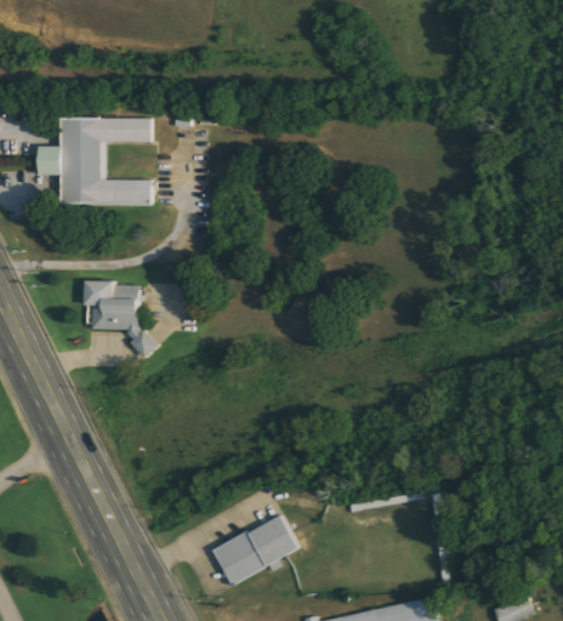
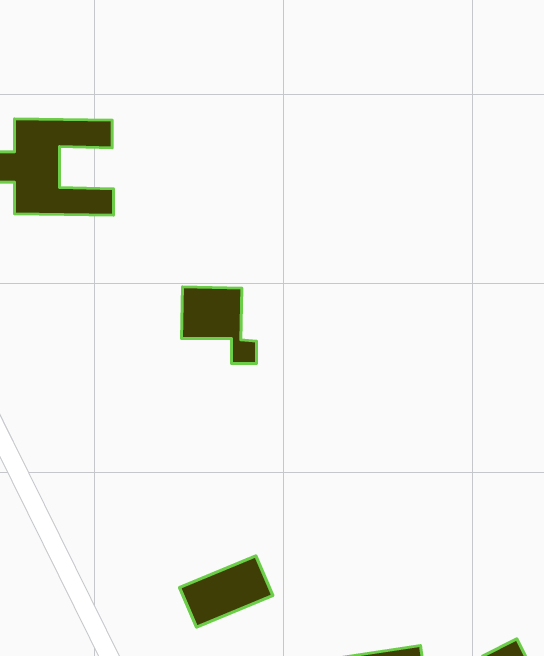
building: [83,283,152,353] -> [181,287,256,363]

